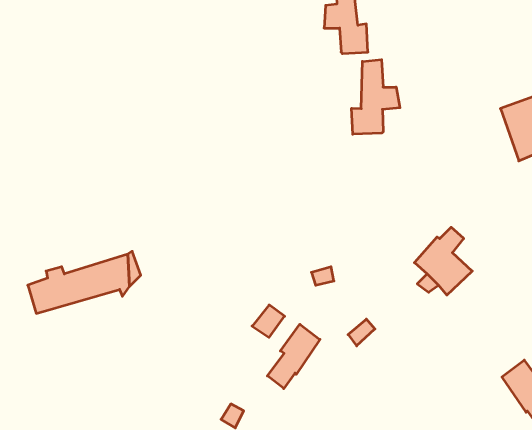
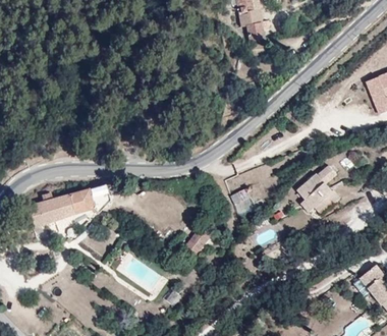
building: [352,60,400,134] -> none
building: [267,324,320,389] -> none

